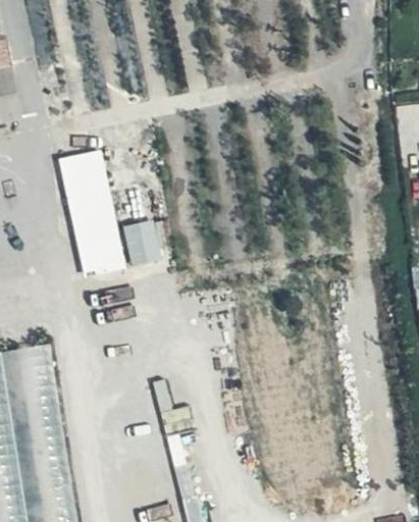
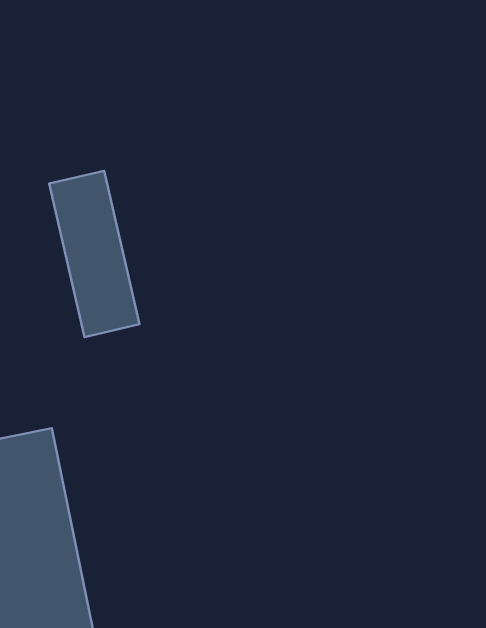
building: [123,218,159,262] -> none

